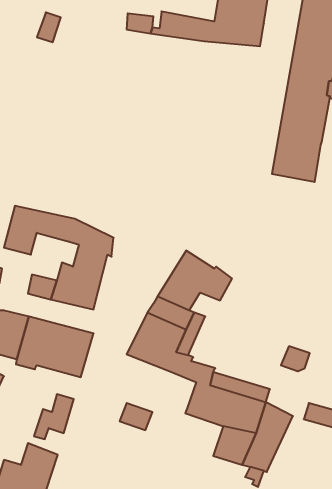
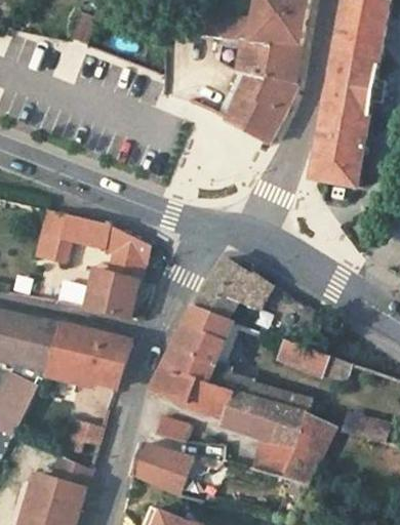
building: none -> [225,43,298,143]
building: none -> [275,340,328,376]
building: none -> [150,365,233,420]
building: none -> [131,444,192,496]

